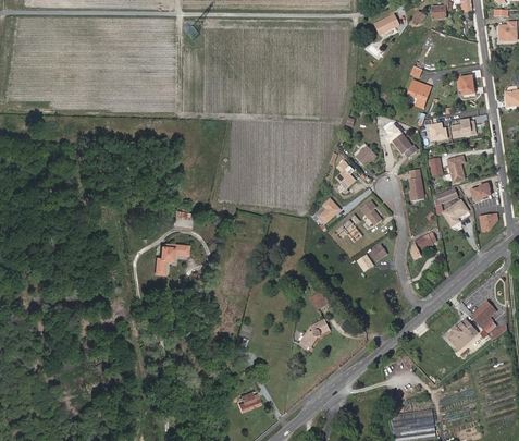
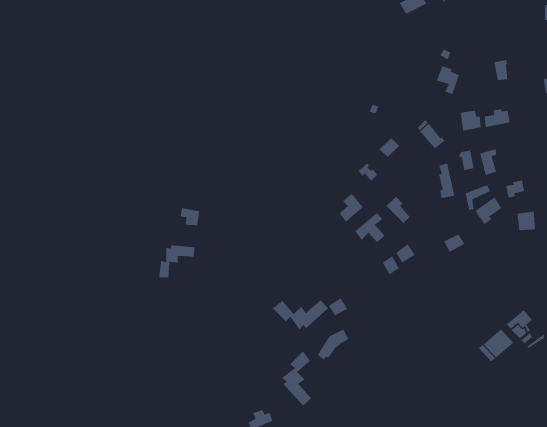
building: none -> [272,299,329,331]
building: none -> [281,351,312,406]

